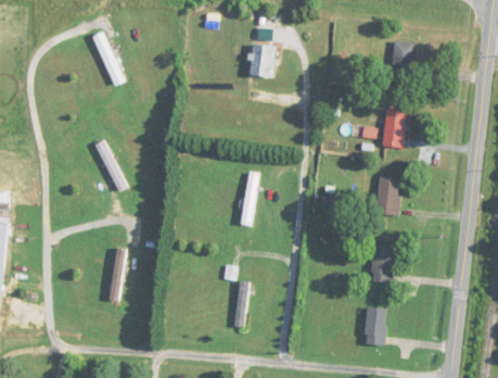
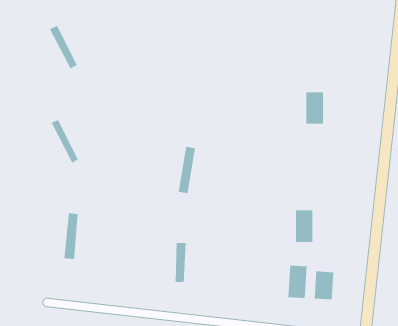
building: [391,40,414,73] -> none
building: [246,42,278,78] -> none
building: [376,177,399,215] -> none
building: none -> [314,271,334,300]

